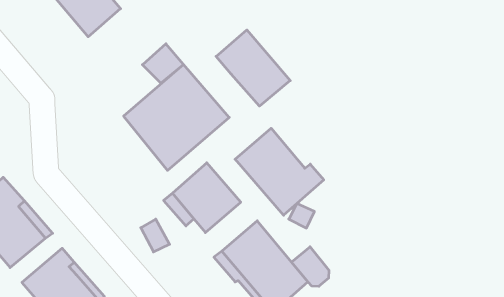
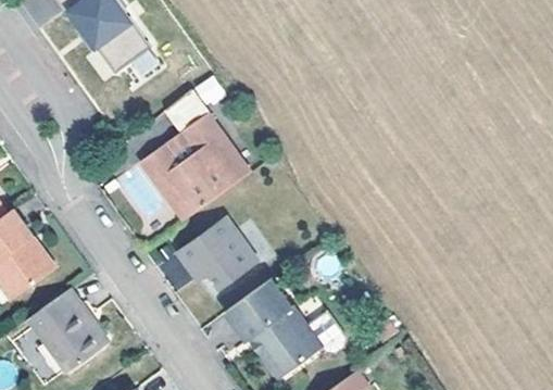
building: [216,30,290,106] -> none
building: [235,128,324,215] -> none

